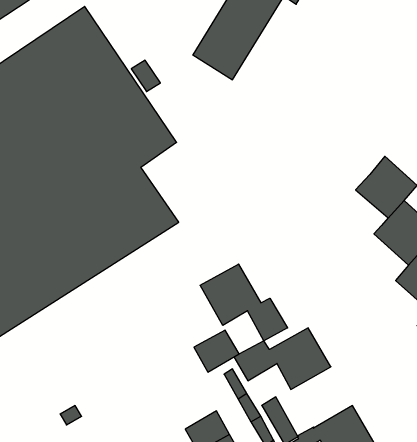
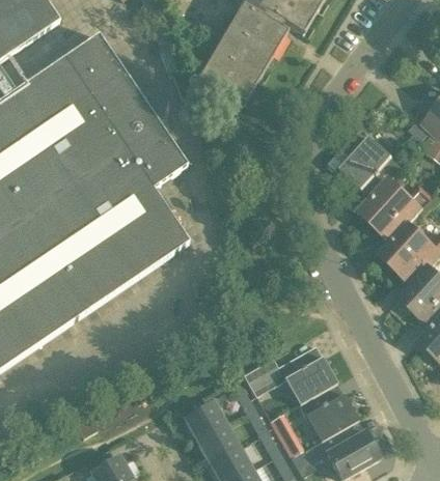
building: none -> [339,135,401,197]
building: [200,264,288,341] -> none
building: [194,330,239,372] -> [182,401,225,442]
building: none -> [297,381,356,441]

